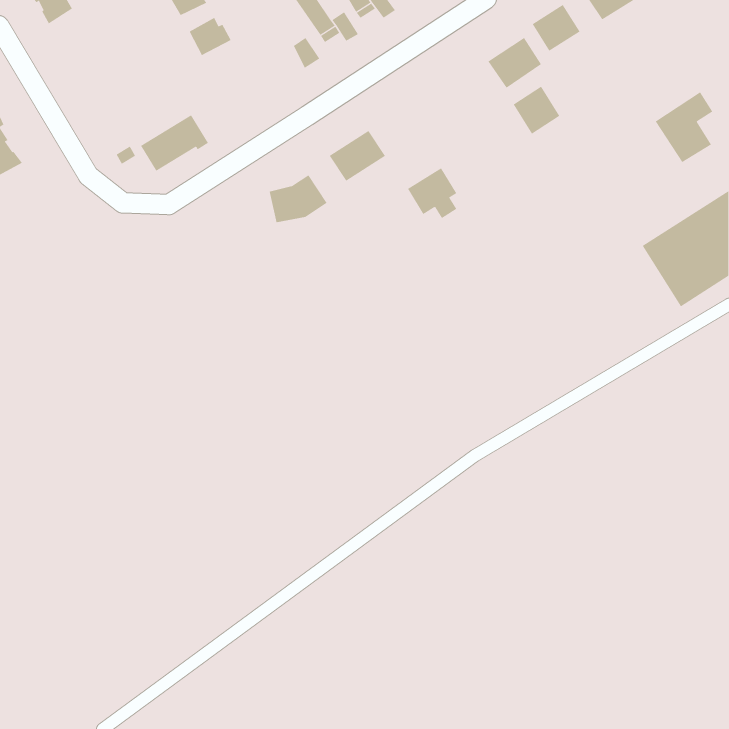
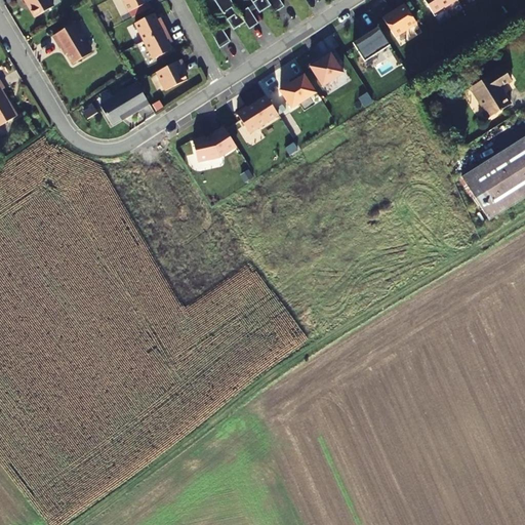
building: none -> [53,24,90,65]
building: none -> [145,29,173,58]
building: none -> [157,58,188,89]
building: [513,86,560,134] -> [309,50,342,85]
building: [407,168,457,219] -> [280,73,316,110]

